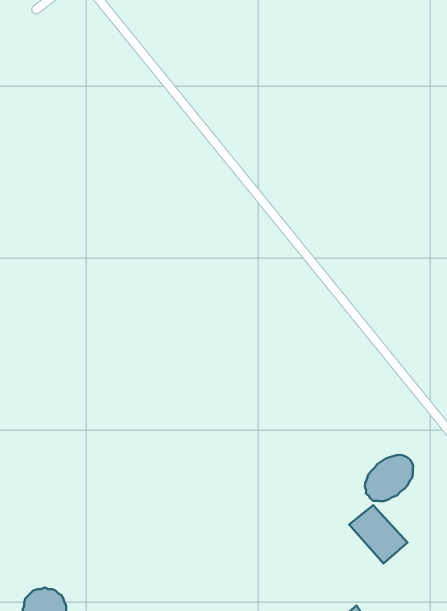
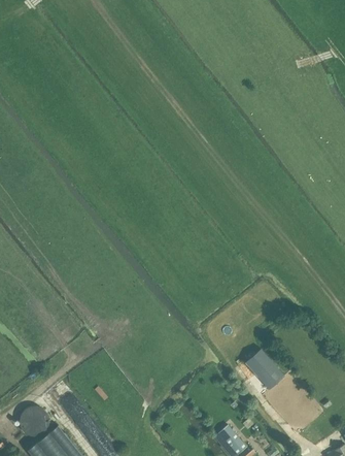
building: [365,455,413,501] -> none

